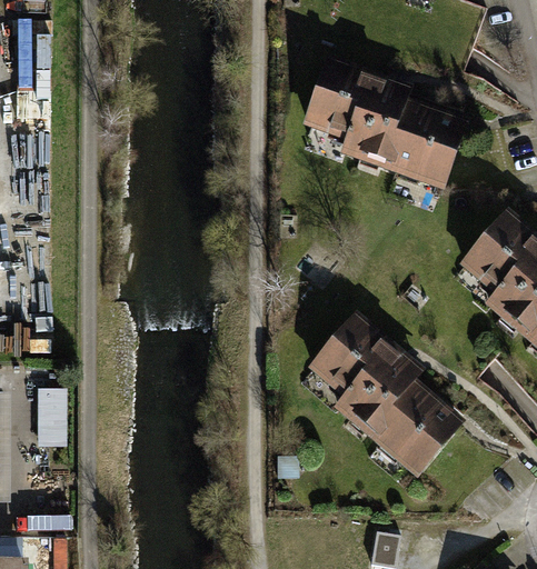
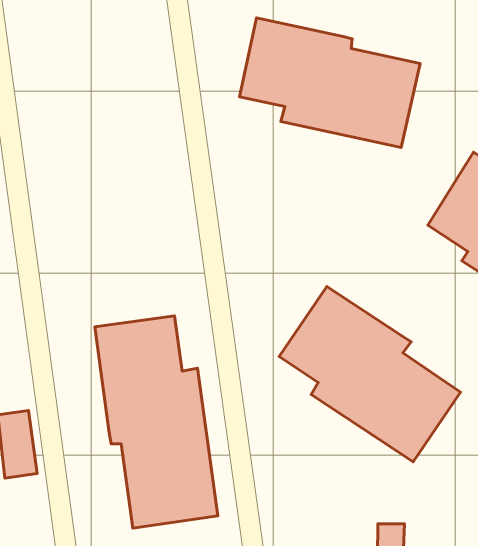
building: none -> [95,316,218,528]

